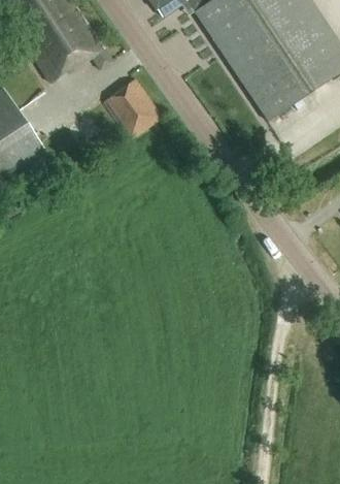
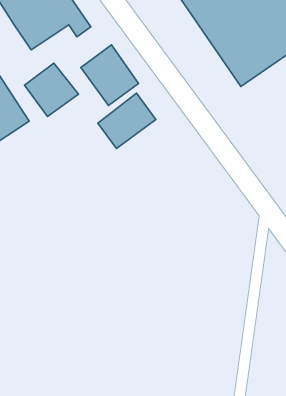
building: none -> [24,63,78,117]
building: none -> [98,93,156,149]

